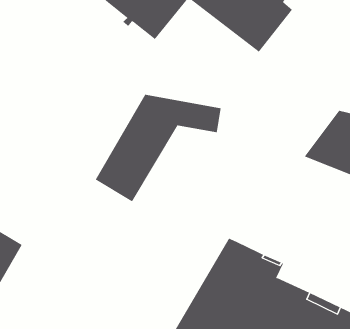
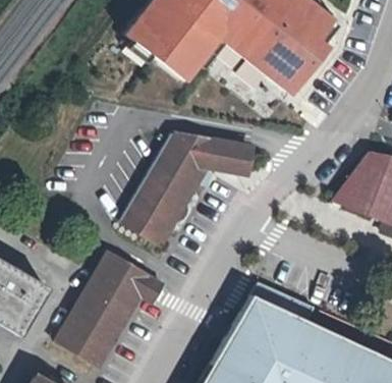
building: none -> [58,254,152,367]

